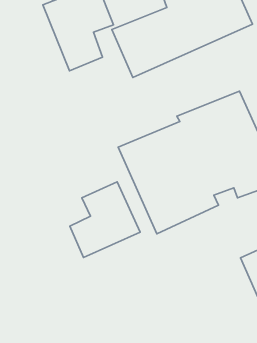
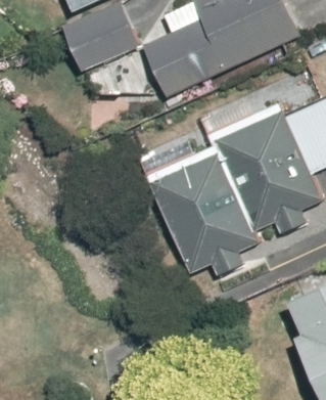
building: [70,182,140,257] -> none

